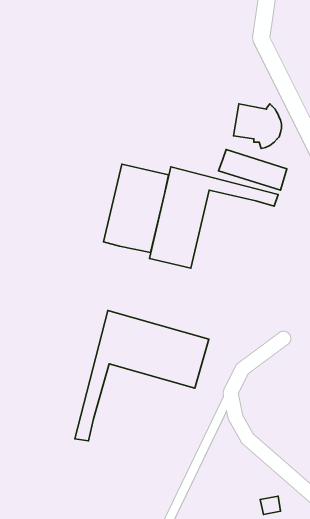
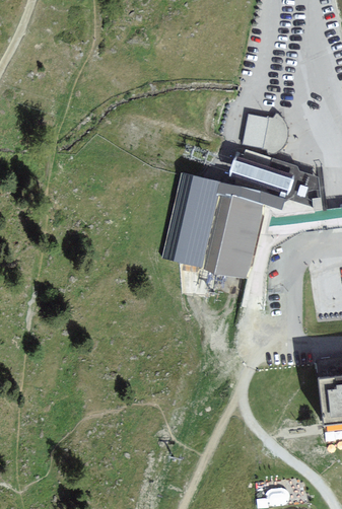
building: [104,164,169,253] -> [202,195,264,279]
building: [75,310,209,441] -> none

